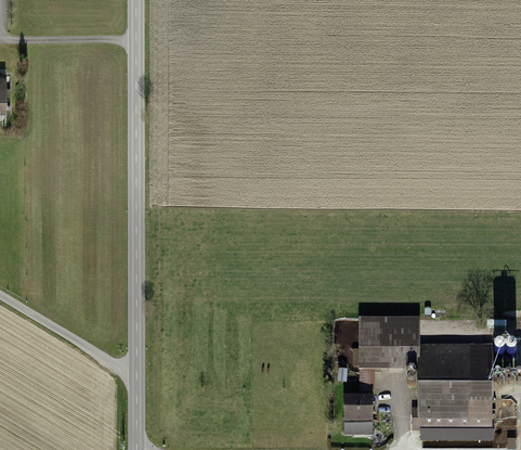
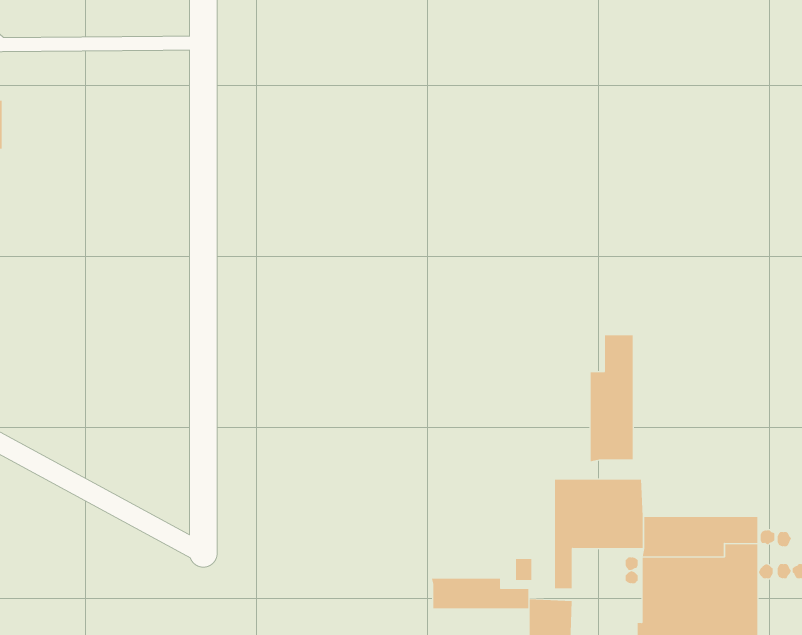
building: none -> [590,334,633,462]
building: none -> [431,578,529,609]

